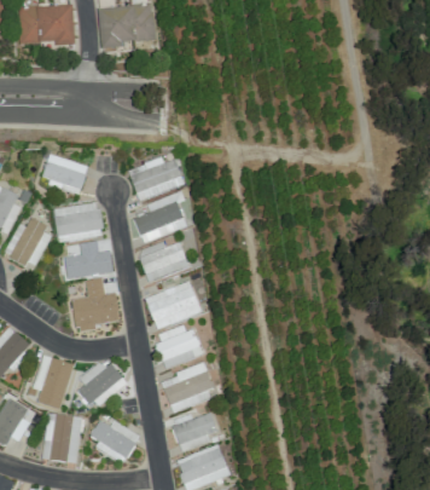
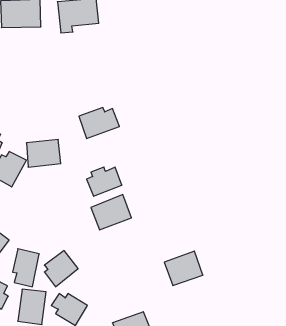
building: [41,152,89,194] -> none
building: [134,190,187,242] -> none
building: [65,241,101,276] -> none
building: [72,278,120,333] -> none
building: [156,322,201,368] -> none
building: [161,363,215,411] -> [164,251,203,285]
building: [173,414,216,450] -> none

